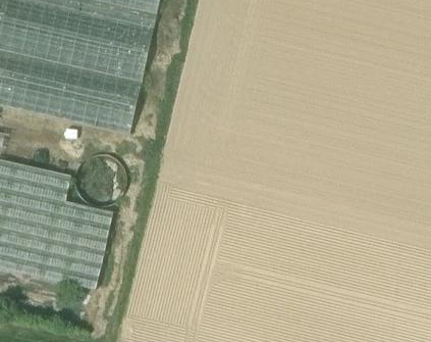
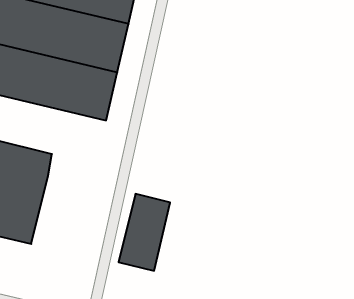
building: [44,198,100,282] -> [119,194,170,271]

